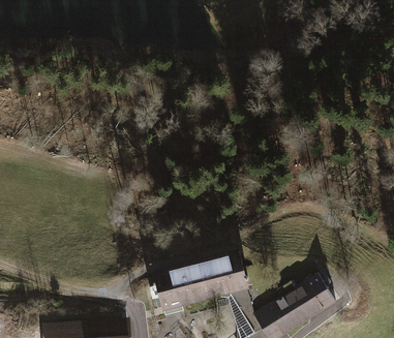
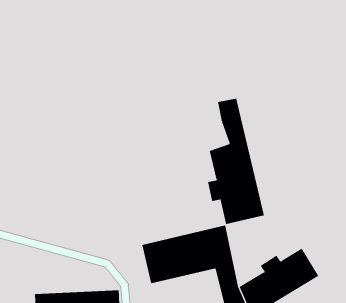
building: none -> [208,98,264,225]

